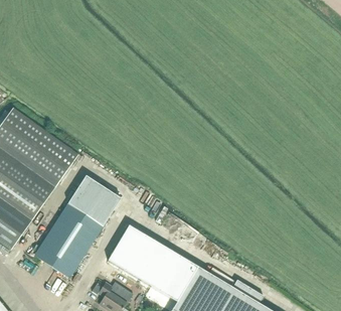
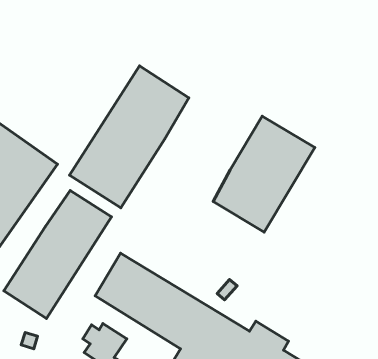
building: none -> [69,66,189,208]
building: none -> [213,116,315,232]

